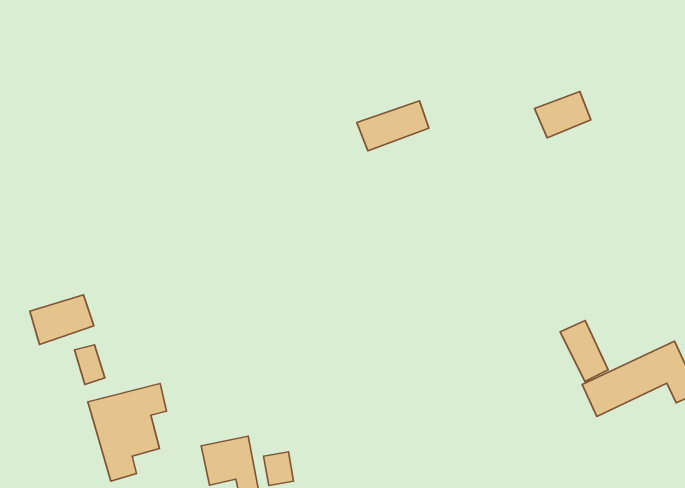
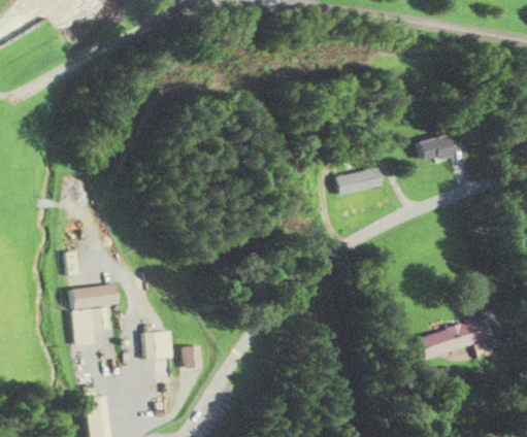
building: [357,101,429,151] -> [329,168,377,196]
building: [30,295,94,344] -> none
building: [560,320,608,381] -> none

